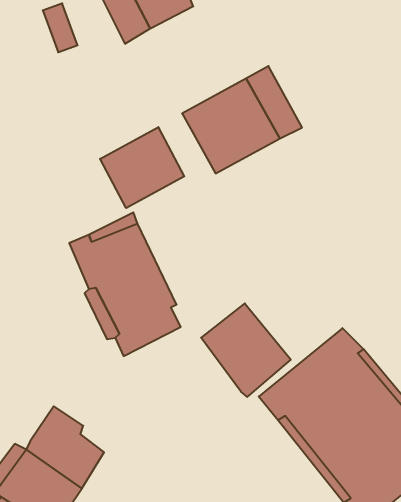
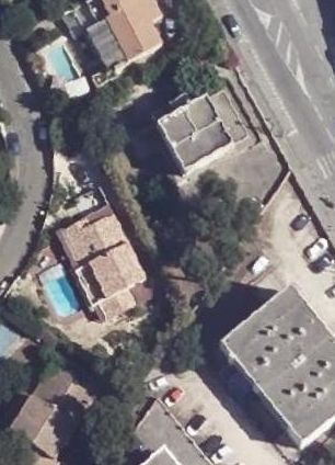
building: [100,127,184,208] -> none
building: [201,303,291,397] -> none

